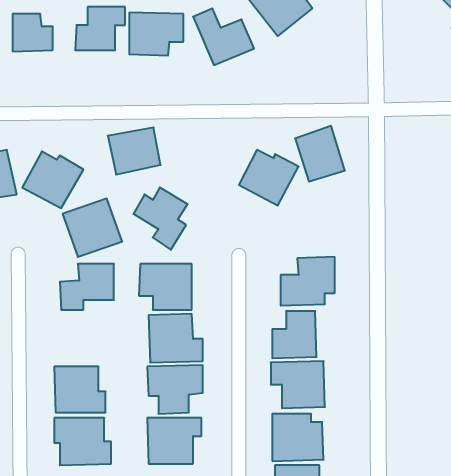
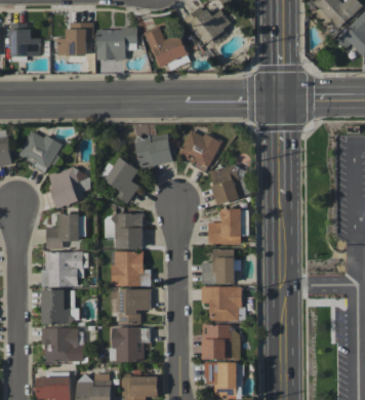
building: [295,126,345,182] -> [208,163,245,204]
building: [108,127,161,175] -> [134,133,173,168]
building: none -> [41,251,82,286]

